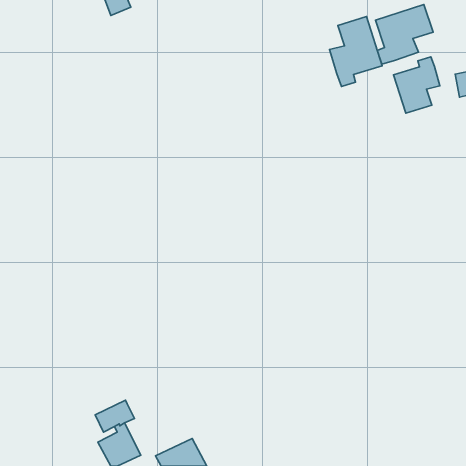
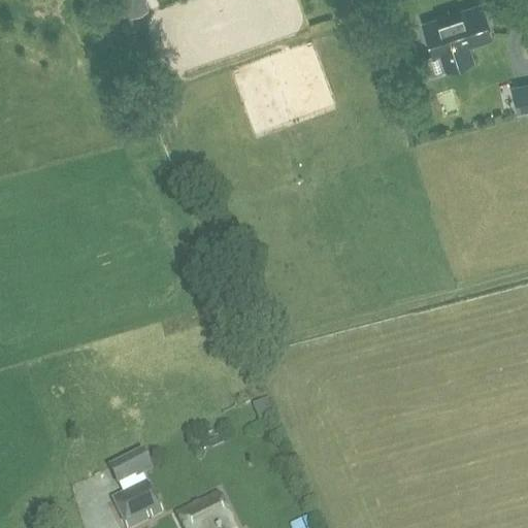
building: [330,17,382,87] -> none
building: [394,57,440,113] -> none

